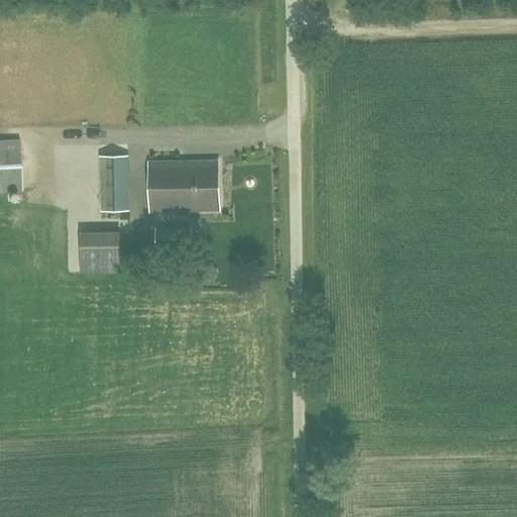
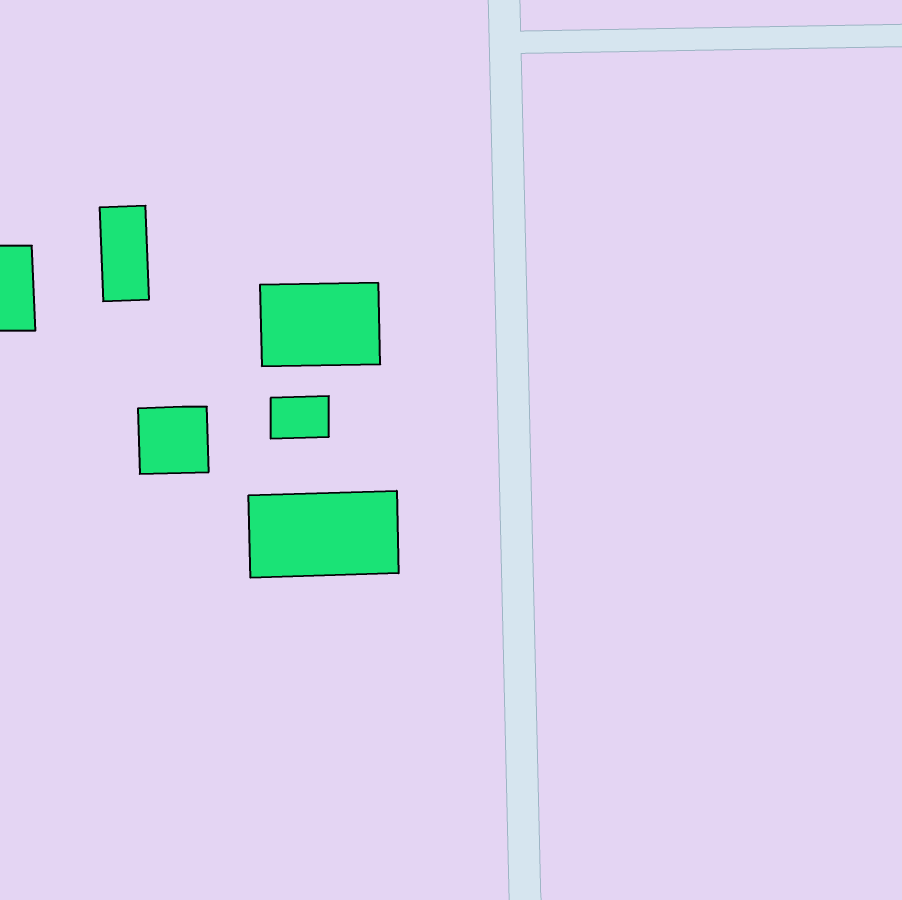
building: [98,156,126,210] -> [100,206,149,301]
building: none -> [249,491,399,578]

